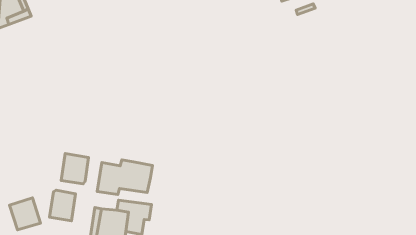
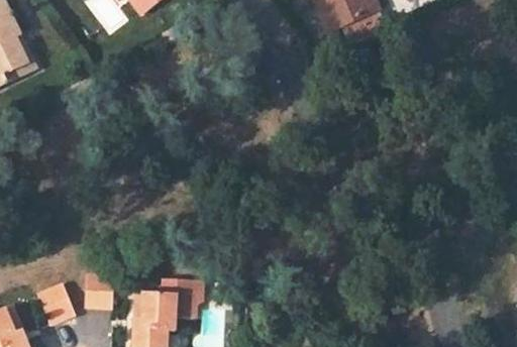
building: [61,154,89,184] -> none
building: [97,160,153,195] -> none

